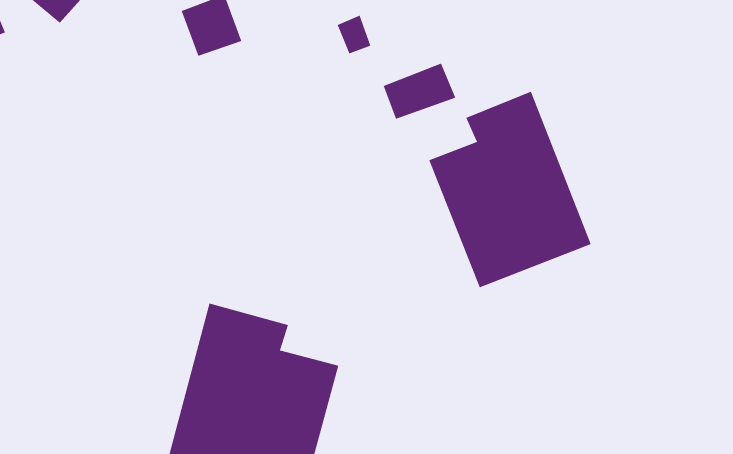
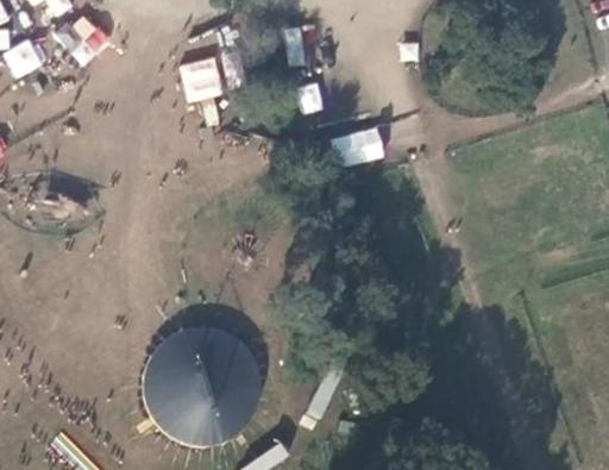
building: [429,91,592,288] -> none

